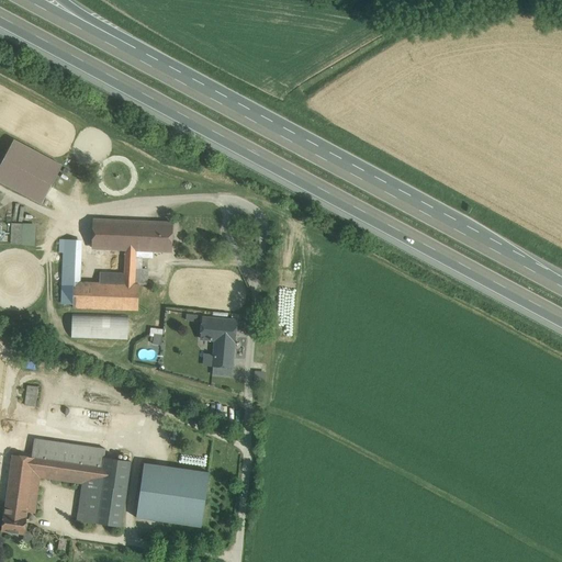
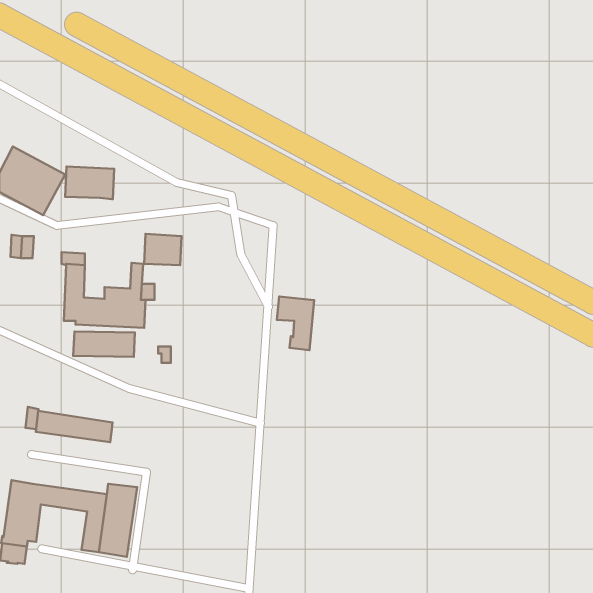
building: [91,218,137,249] -> [65,166,114,199]
building: [200,316,235,367] -> [277,297,314,350]
building: [31,437,103,467] -> [36,411,113,442]
building: [136,463,207,526] -> none

